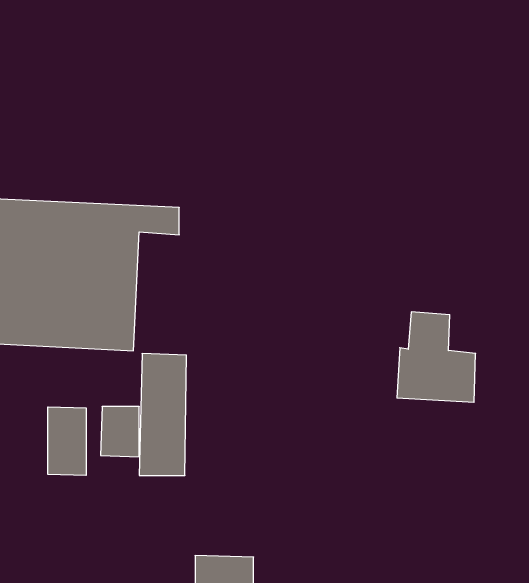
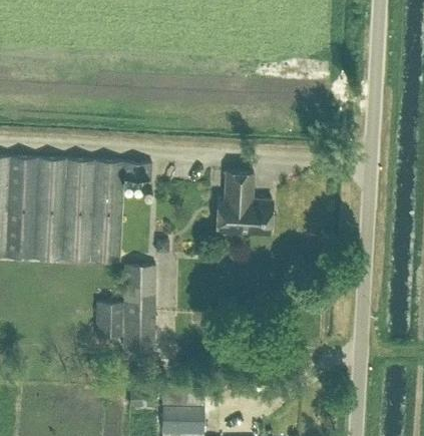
building: [397,312,476,402] -> [217,172,272,236]
building: [48,407,86,475] -> none

